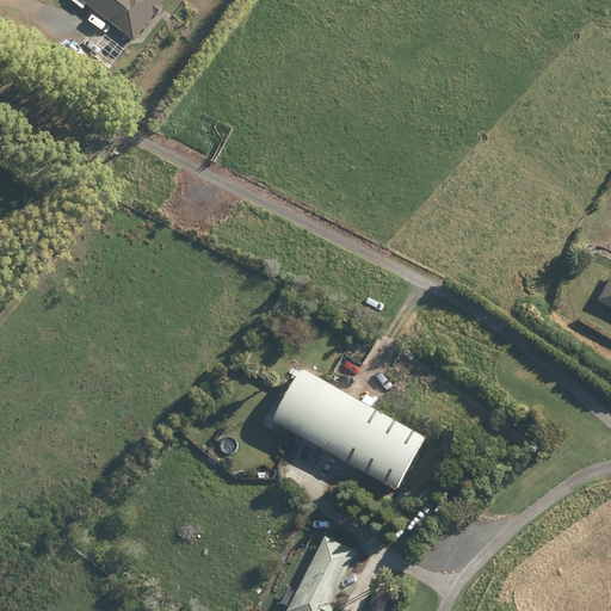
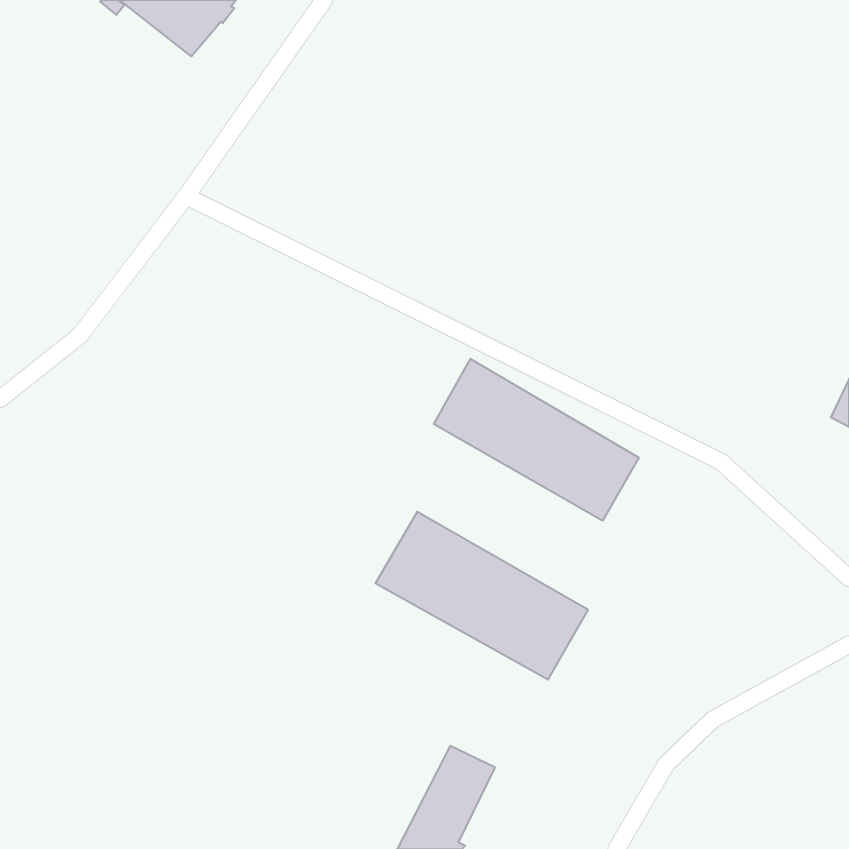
building: none -> [434,359,639,521]

